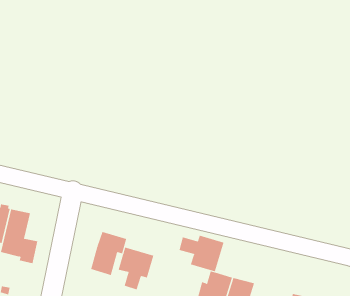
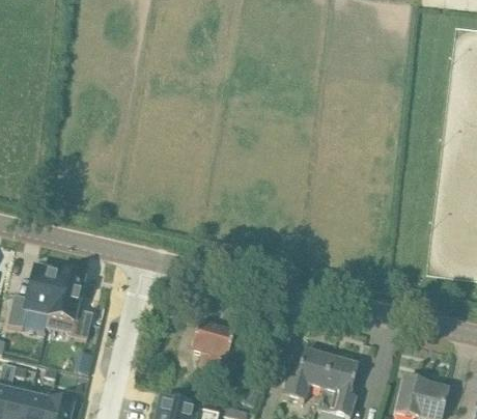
building: [91,231,127,276] -> none
building: [179,235,224,272] -> none

